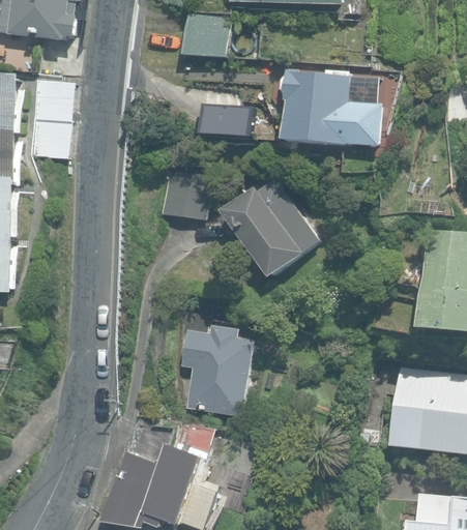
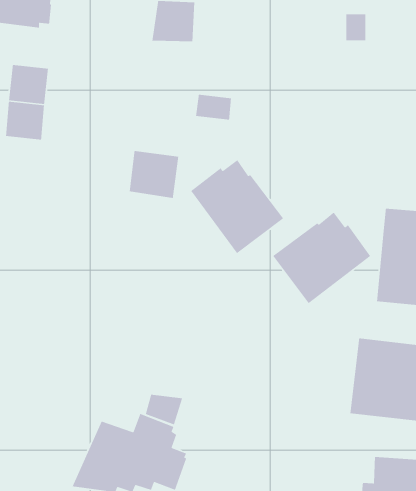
building: [281,69,381,146] -> none
building: none -> [272,212,371,304]
building: [180,326,257,417] -> none

